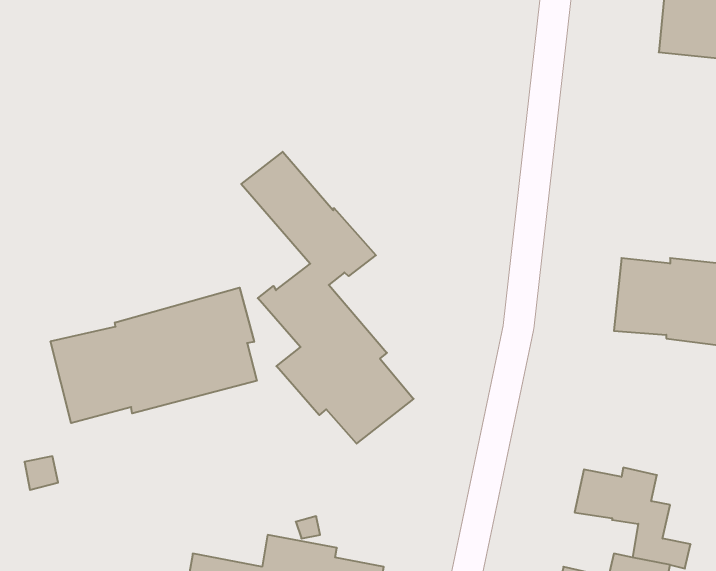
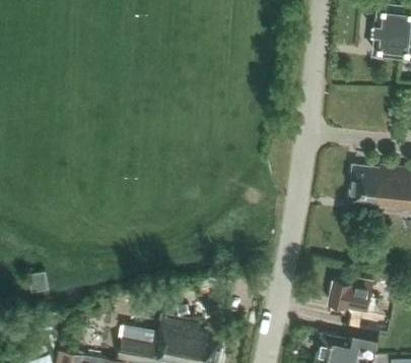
building: [241,152,414,444] -> none
building: [51,288,257,423] -> none

